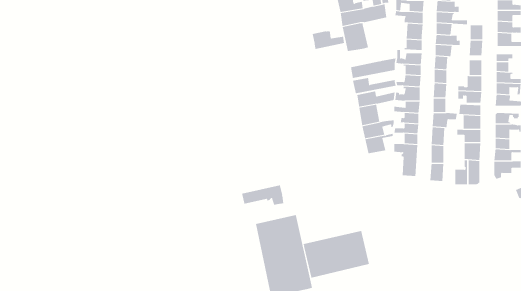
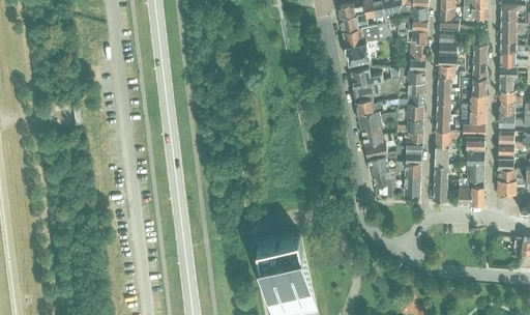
building: [312,31,345,49] -> [350,67,383,86]
building: none -> [371,168,396,197]
building: [241,184,284,206] -> none
building: [303,230,369,279] -> none

